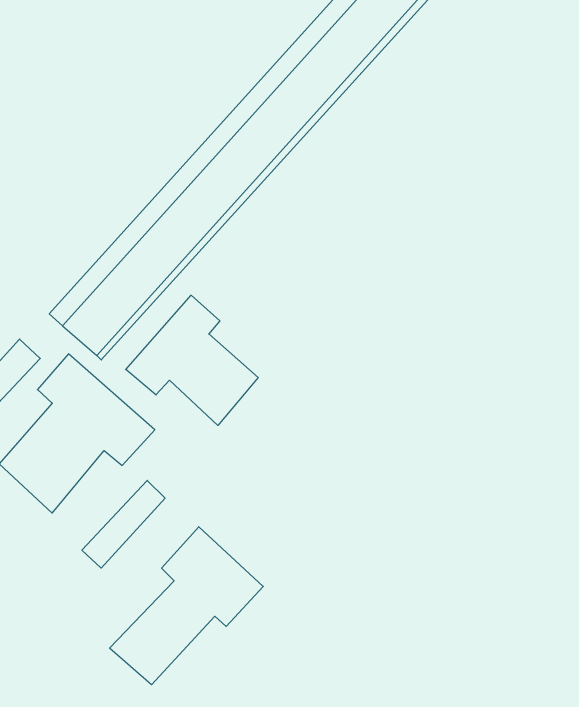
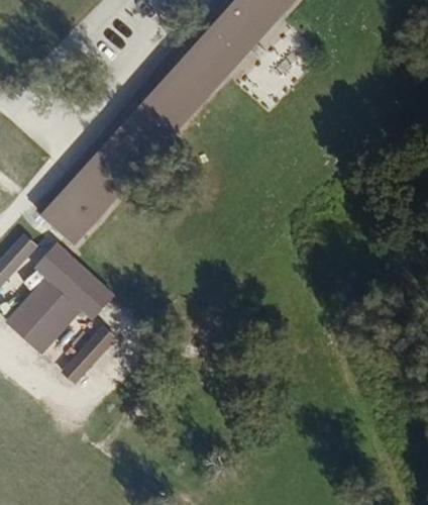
building: [126,295,258,425] -> none
building: [110,527,263,685] -> none

